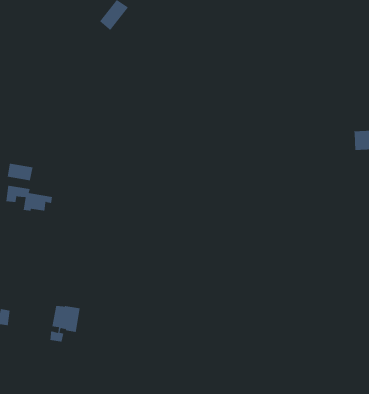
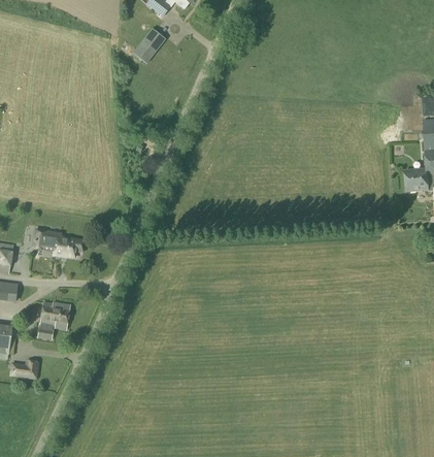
building: [7,163,33,181] -> none
building: [50,305,80,342] -> [37,300,70,339]

